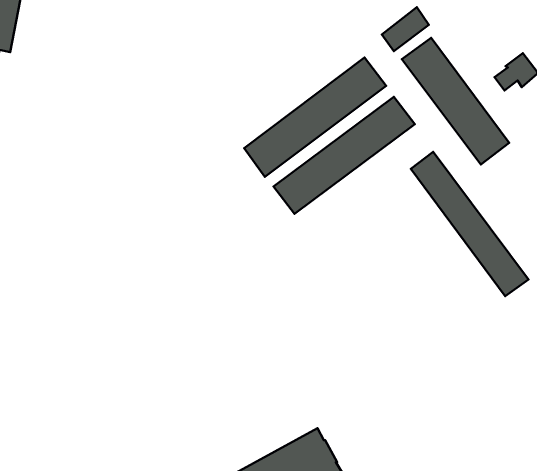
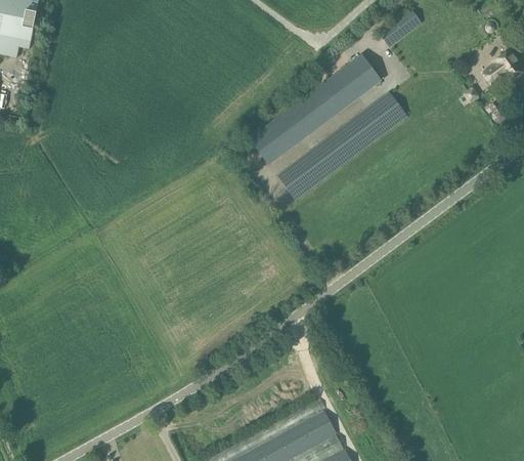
building: [402,38,509,164] -> none
building: [411,152,528,296] -> none

